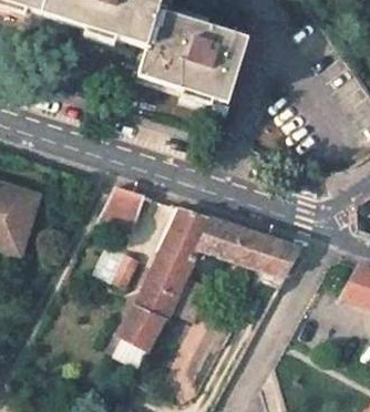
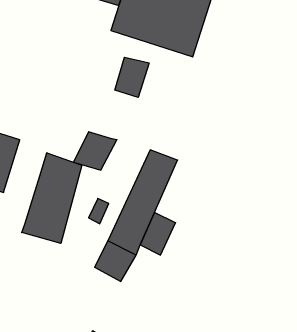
building: none -> [115,57,149,97]
building: none -> [22,153,82,243]
building: [196,218,300,278] -> none

